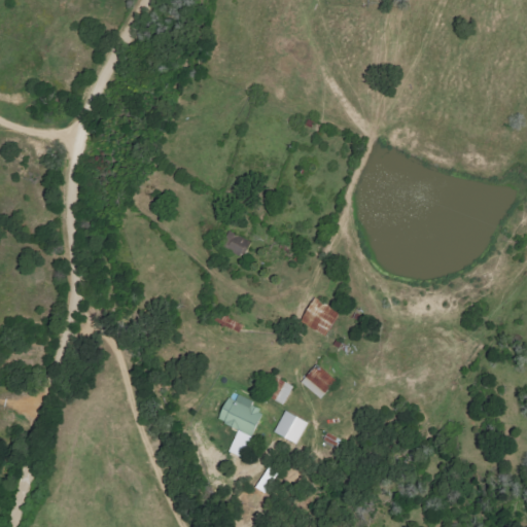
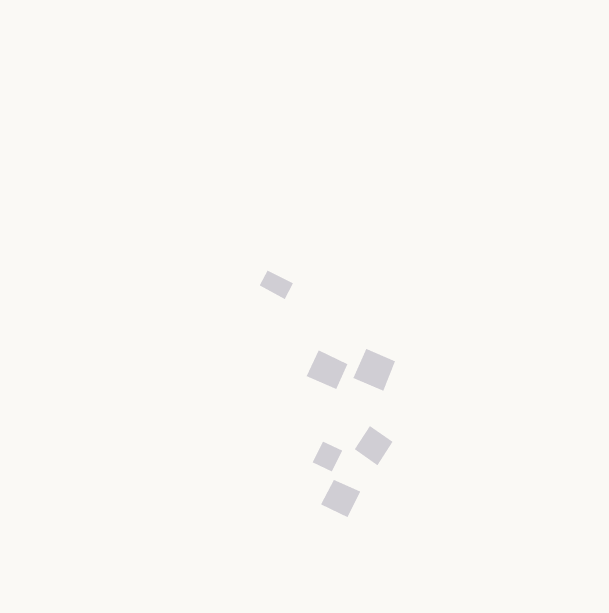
building: none -> [306,350,348,390]
building: [217,395,261,457] -> none

